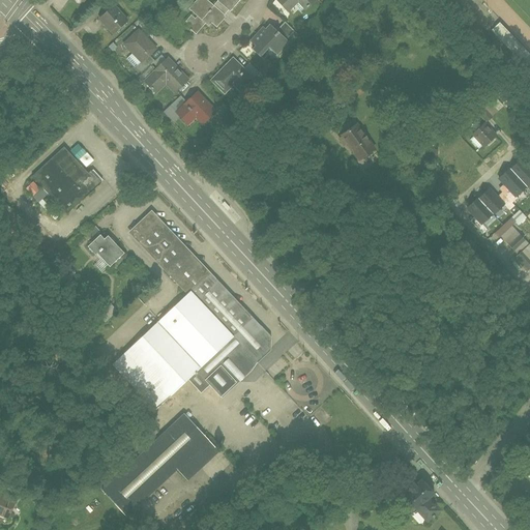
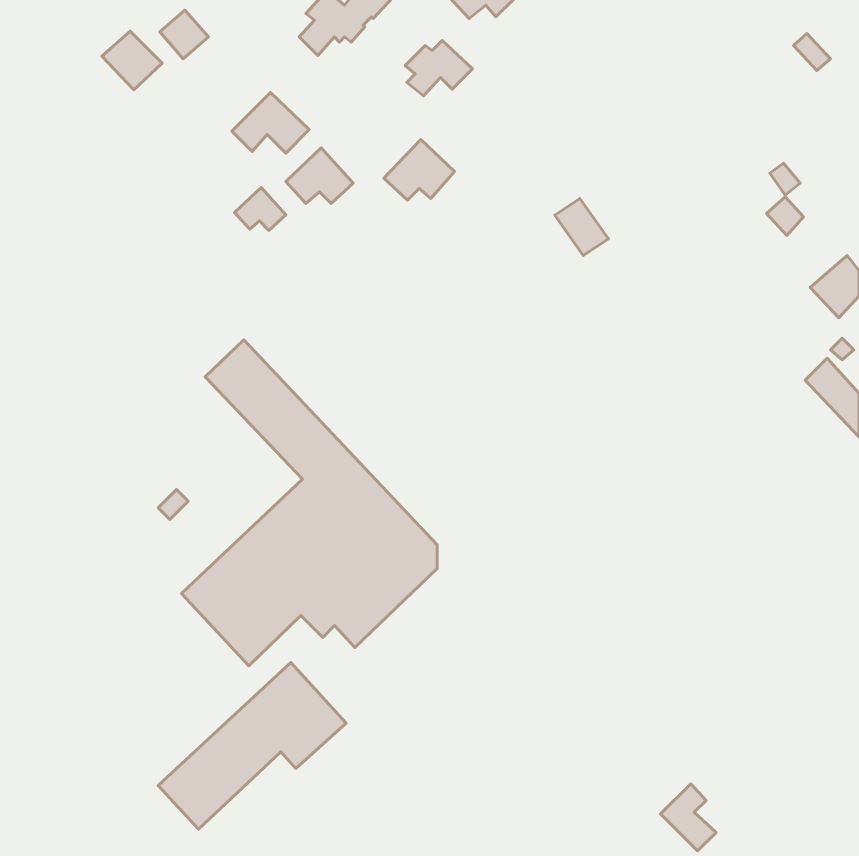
building: [123,28,160,64] -> [102,31,162,90]
building: [210,57,254,94] -> [384,140,454,200]
building: none -> [235,188,286,230]
building: [32,146,101,211] -> none
building: [469,188,504,223] -> none
building: [83,230,125,268] -> none

